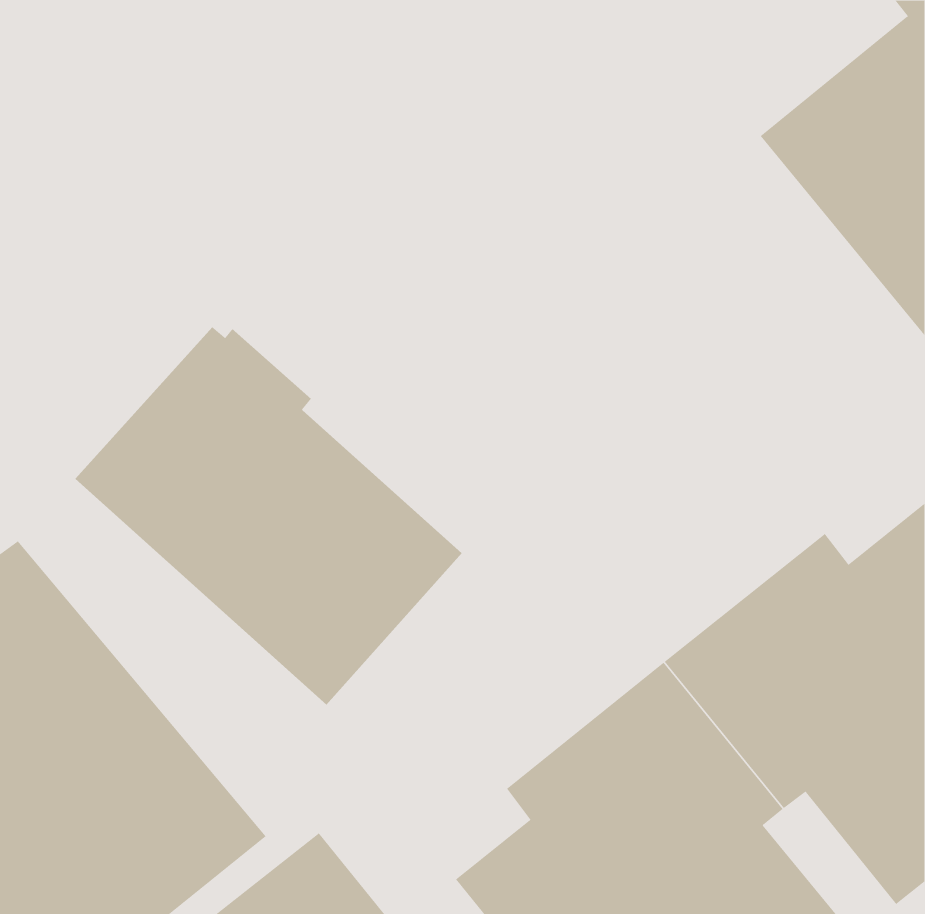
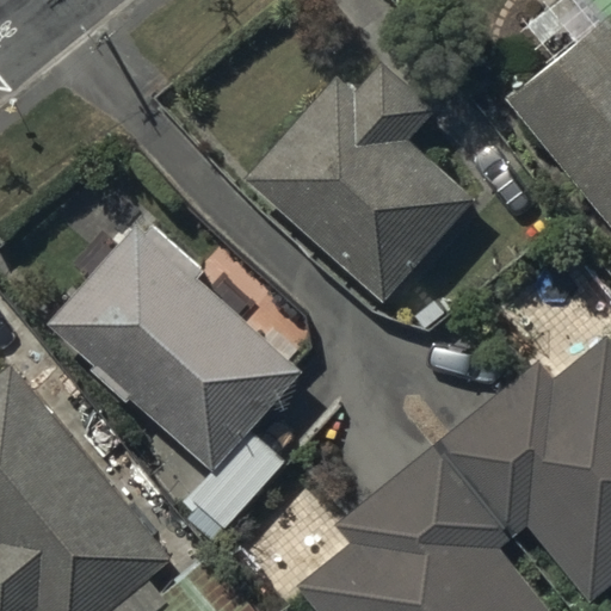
building: none -> [245,61,475,302]

